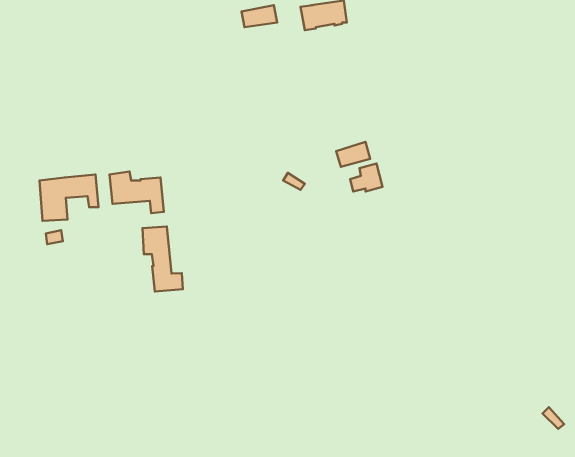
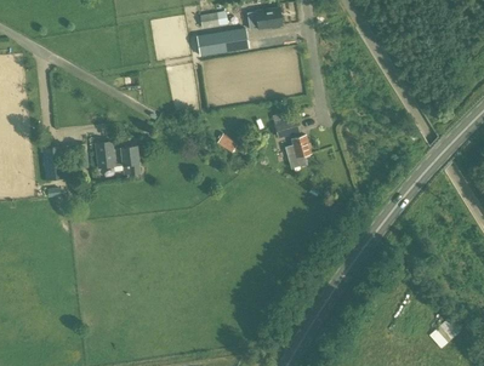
building: none -> [195,28,247,56]
building: [143,227,183,292] -> none

